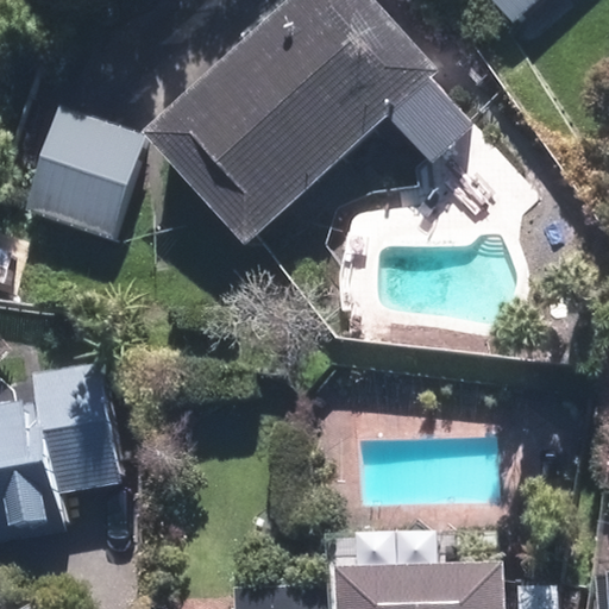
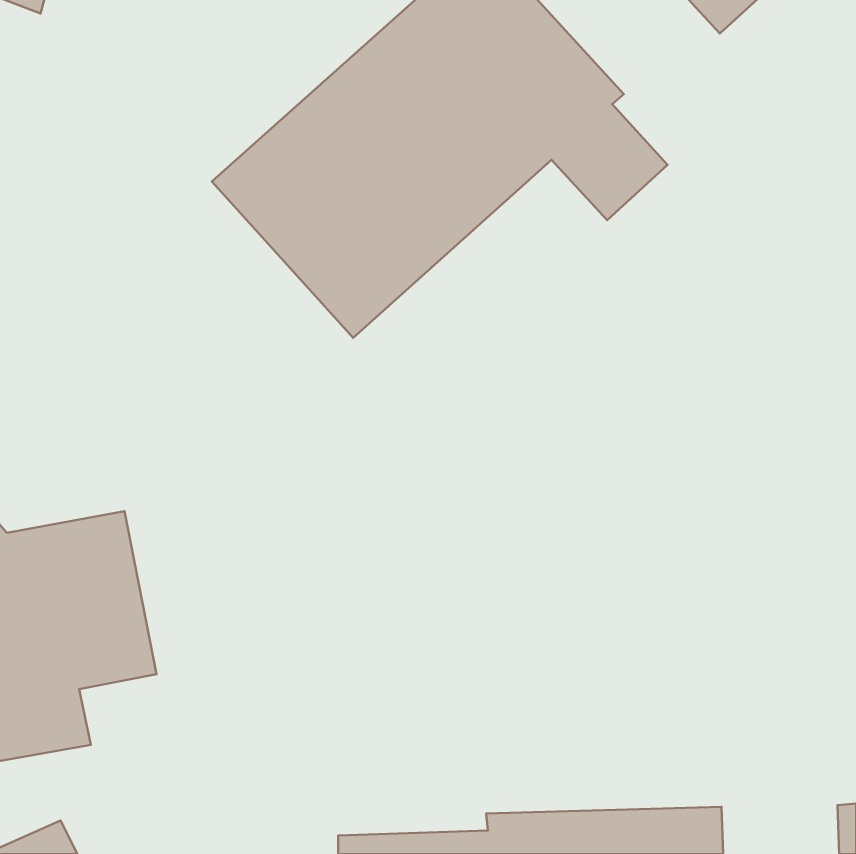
building: [18,115,139,244] -> none

